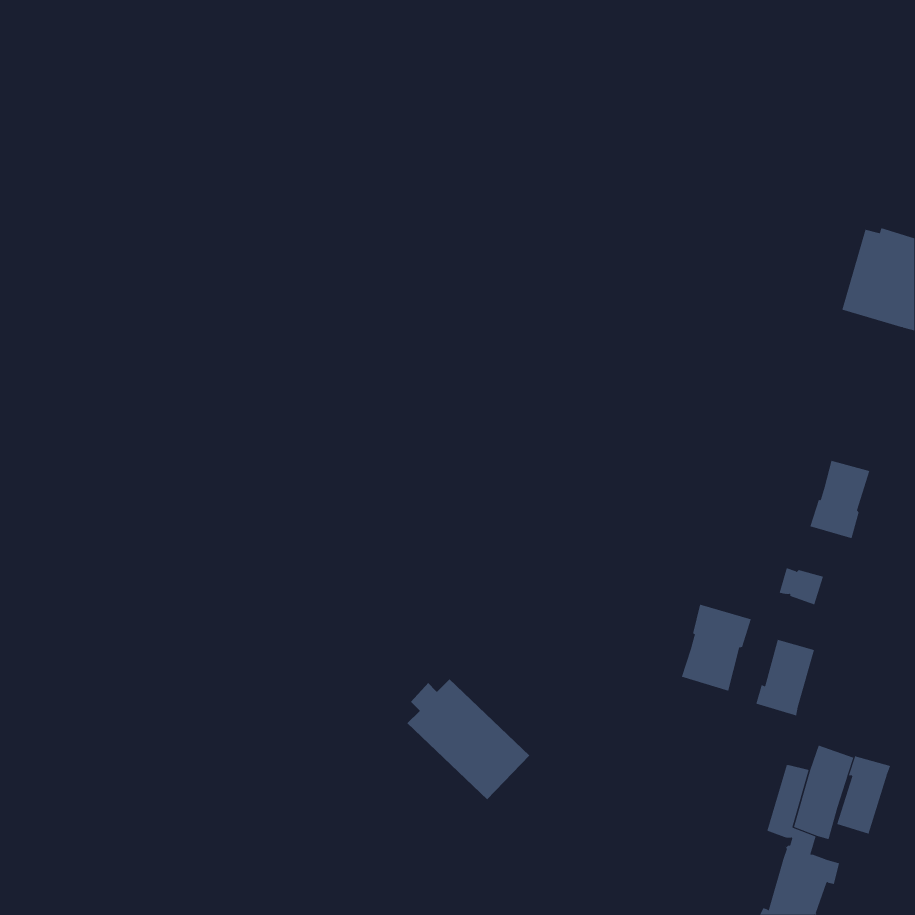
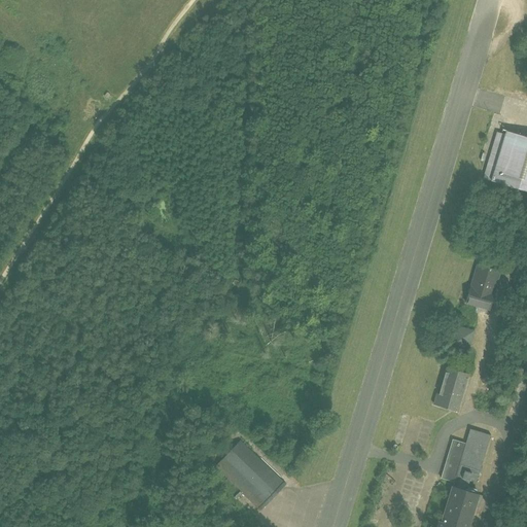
building: [681,604,752,692] -> none
building: [407,678,530,800] -> [215,441,286,511]
building: [836,755,891,835] -> none

